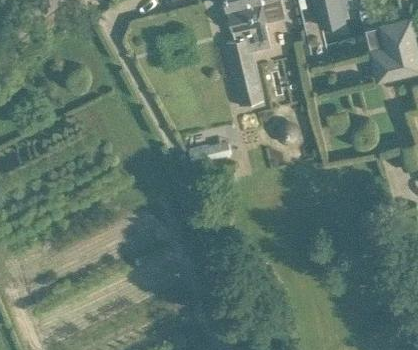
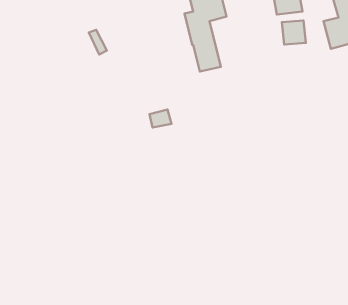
building: none -> [282,21,306,44]

